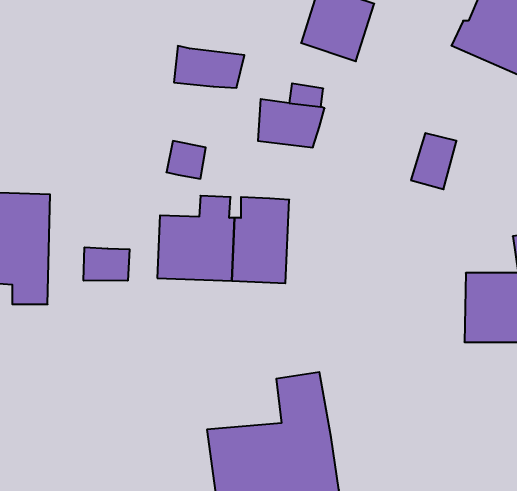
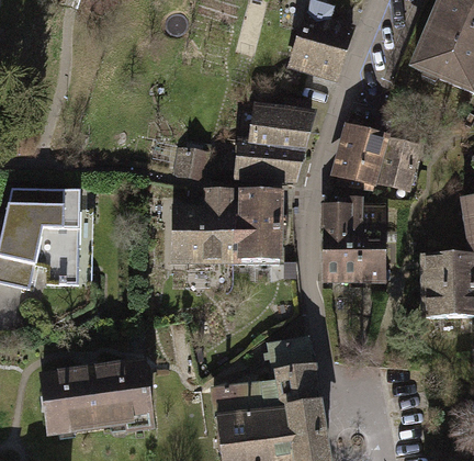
building: [174,46,244,88] -> [240,143,300,178]
building: none -> [338,127,390,188]
building: none -> [326,198,387,278]
building: [84,247,130,281] -> none
building: none -> [44,362,154,432]

